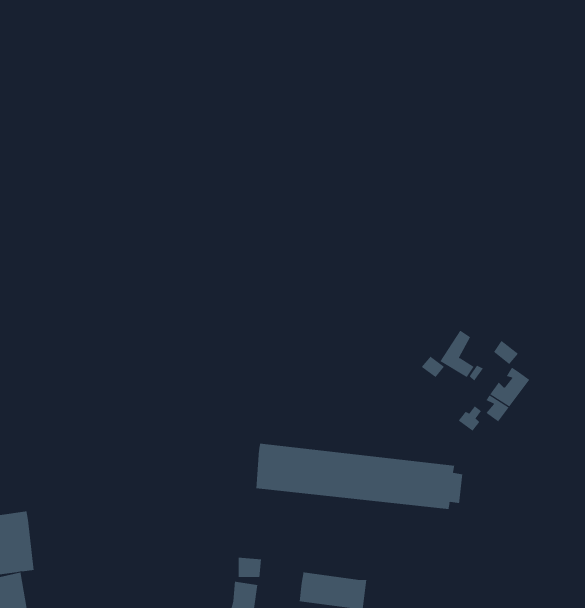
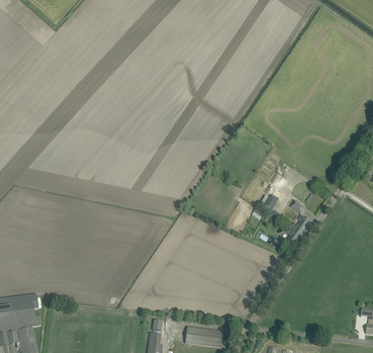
building: [256,443,463,510] -> none

